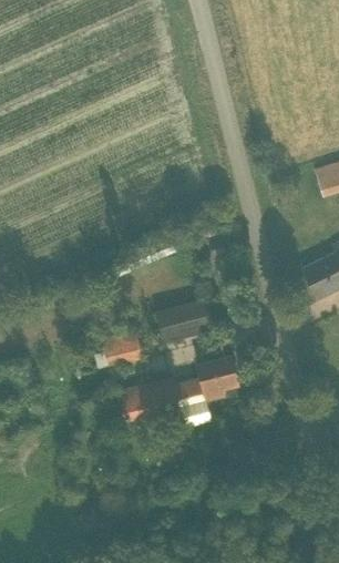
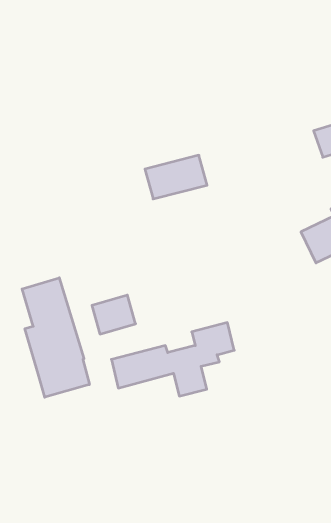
building: [155,299,215,341] -> [145,155,207,199]
building: none -> [22,278,89,397]

